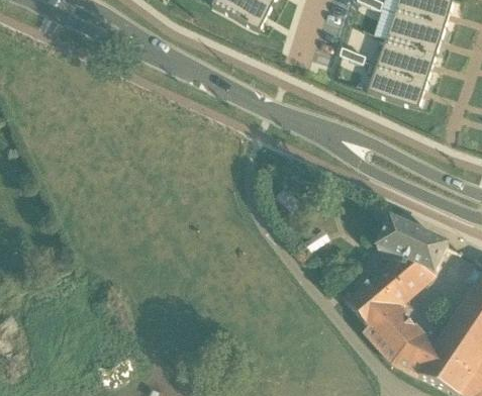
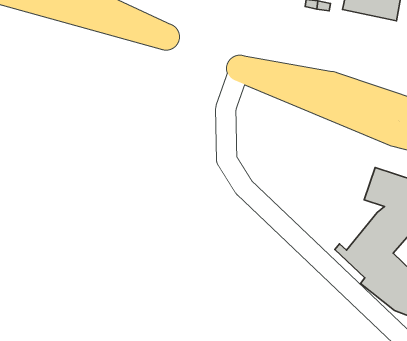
building: [368,59,428,104] -> none

